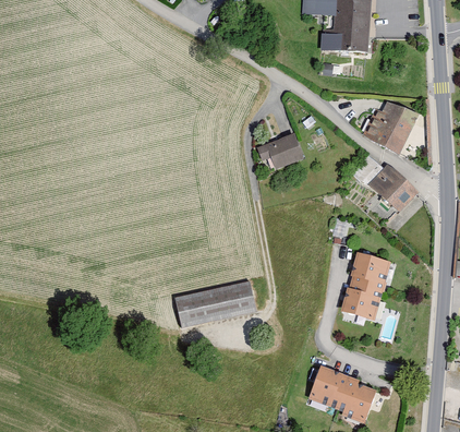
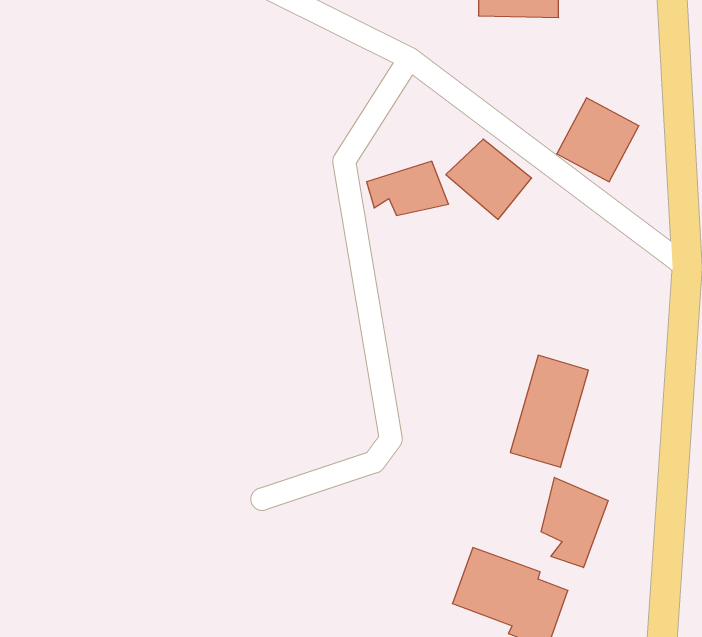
building: [368,168,419,215] -> [446,139,532,219]
building: [177,280,256,327] -> none
building: none -> [541,477,608,568]

